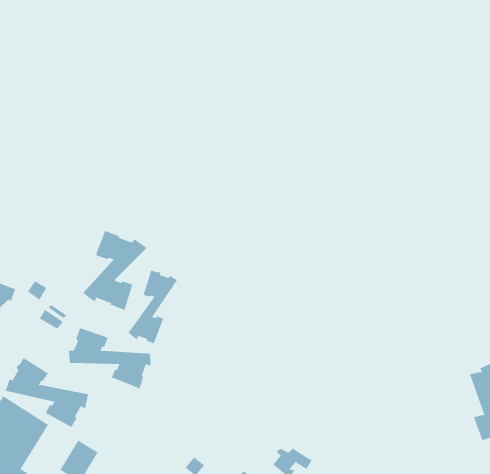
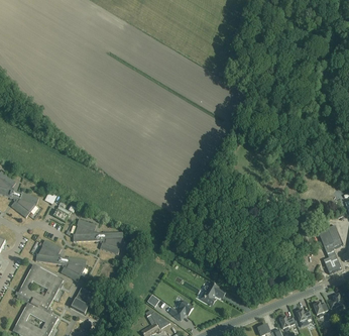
building: [82,230,148,311] -> none
building: [128,270,178,344] -> none

